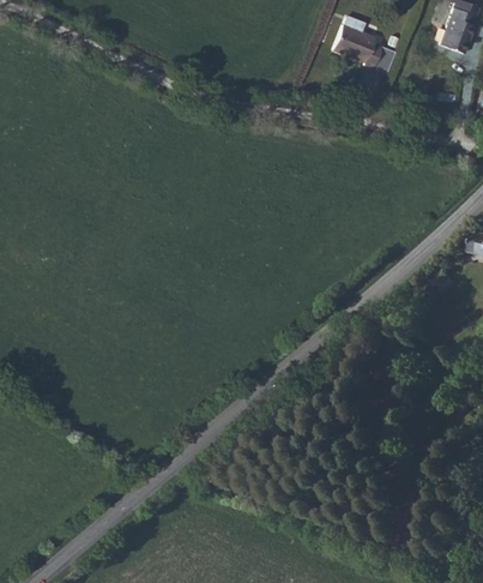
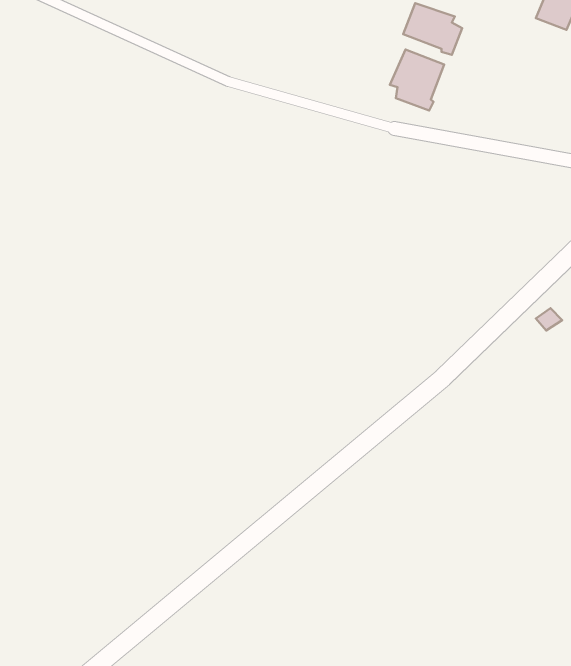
building: none -> [390,50,444,111]

